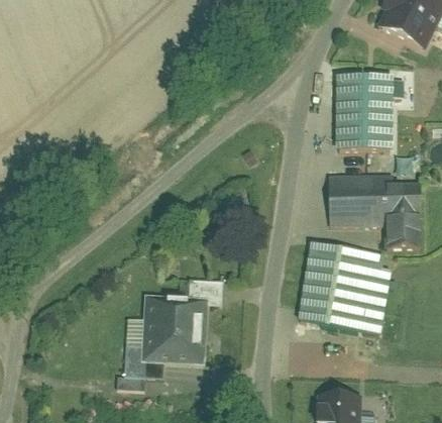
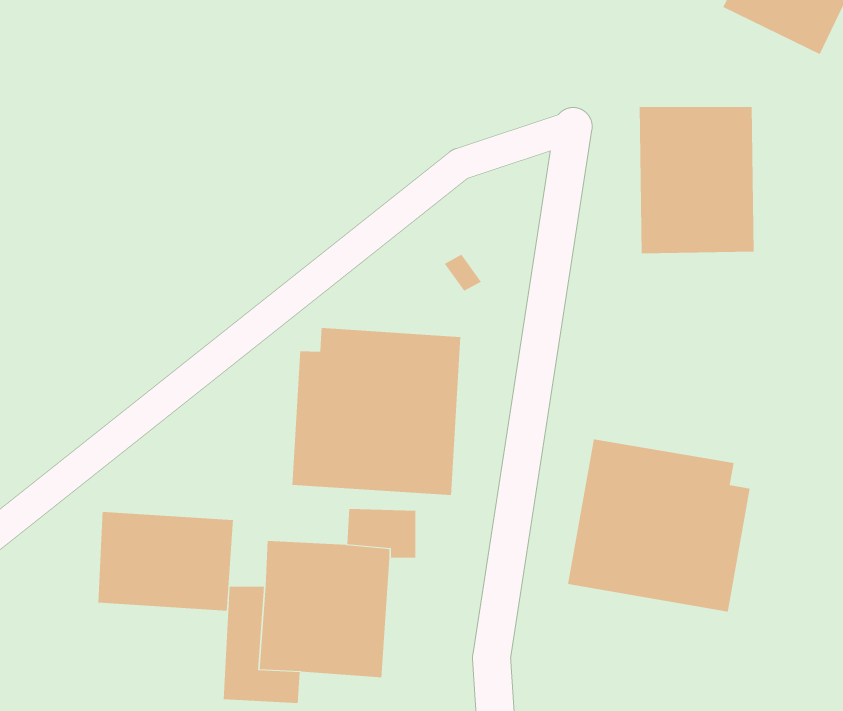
building: [329,175,423,249] -> none
building: none -> [292,327,461,496]
building: none -> [98,511,234,611]

